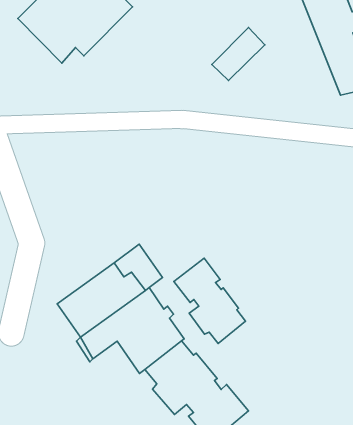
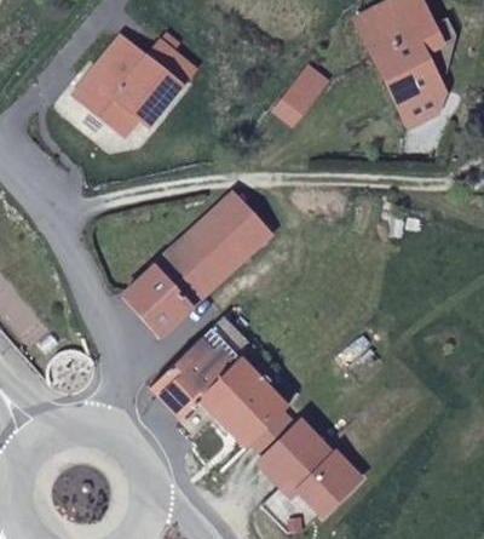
building: none -> [123,194,275,331]
building: [174,258,246,344] -> none

